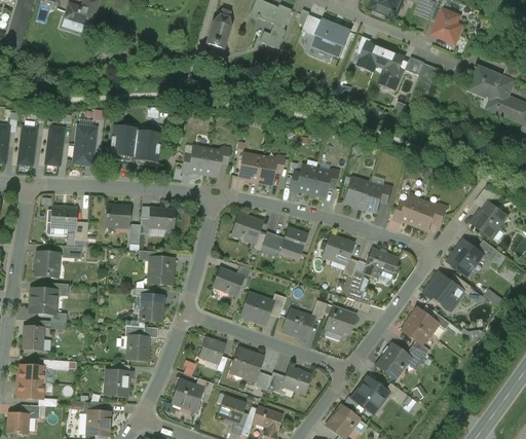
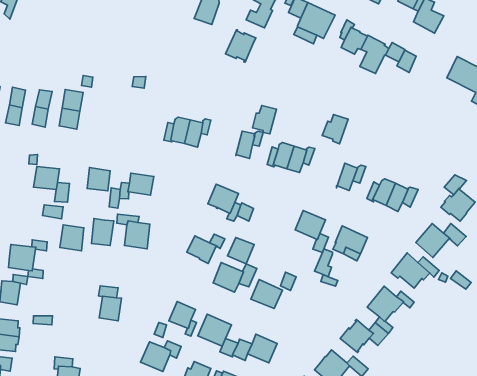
building: none -> [226,30,256,62]
building: [109,124,161,162] -> none
building: [238,153,262,182] -> [252,105,276,134]
building: [344,179,370,209] -> [322,114,348,144]
building: [280,226,307,253] -> [228,237,254,264]
building: [35,251,59,277] -> [60,225,84,251]
building: [141,294,162,321] -> [91,219,114,246]
building: [325,306,353,340] -> none
building: [105,369,133,396] -> none

